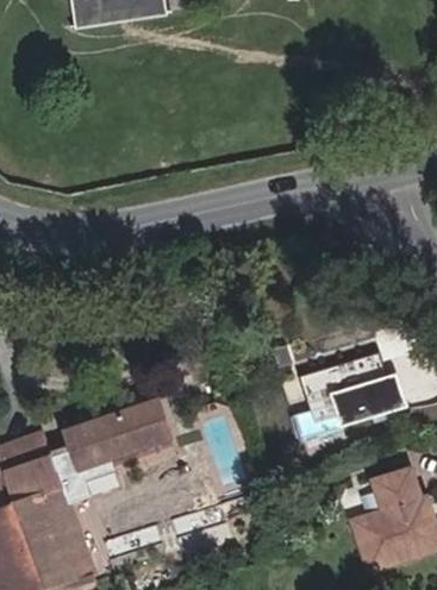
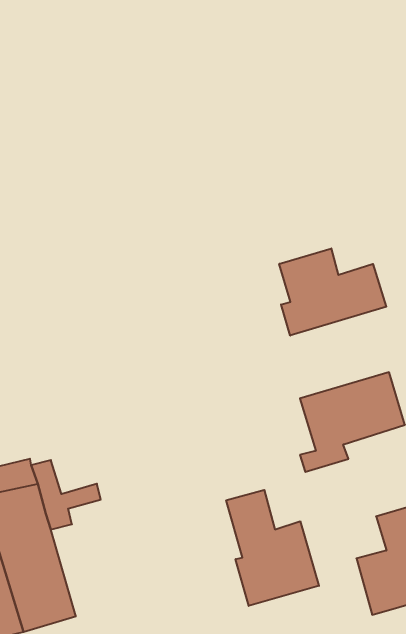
building: none -> [279,248,386,336]
building: [74,404,176,463] -> none
building: none -> [226,490,319,606]

